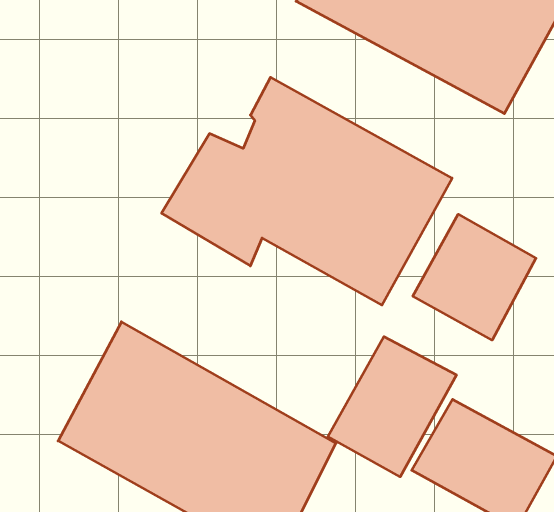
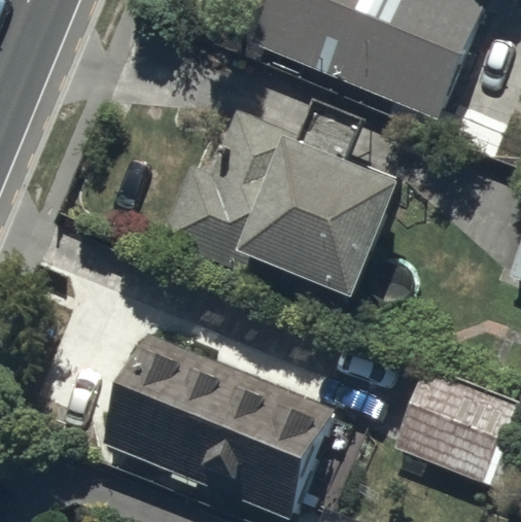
building: [413,214,536,340] -> none
building: [328,337,456,477] -> none

